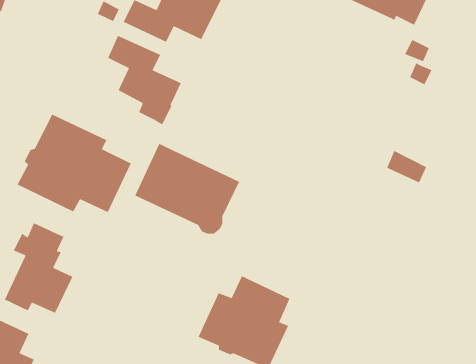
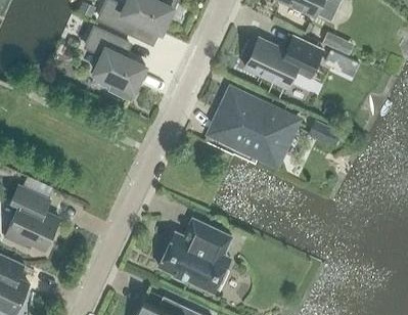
building: none -> [244,36,322,88]
building: [17,114,132,213] -> none
building: [134,143,240,234] -> [212,91,296,164]

